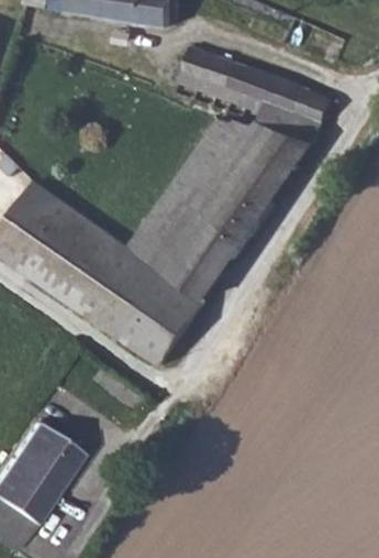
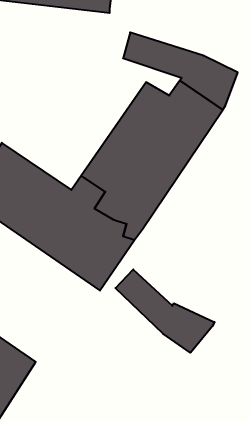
building: none -> [115,269,215,353]

